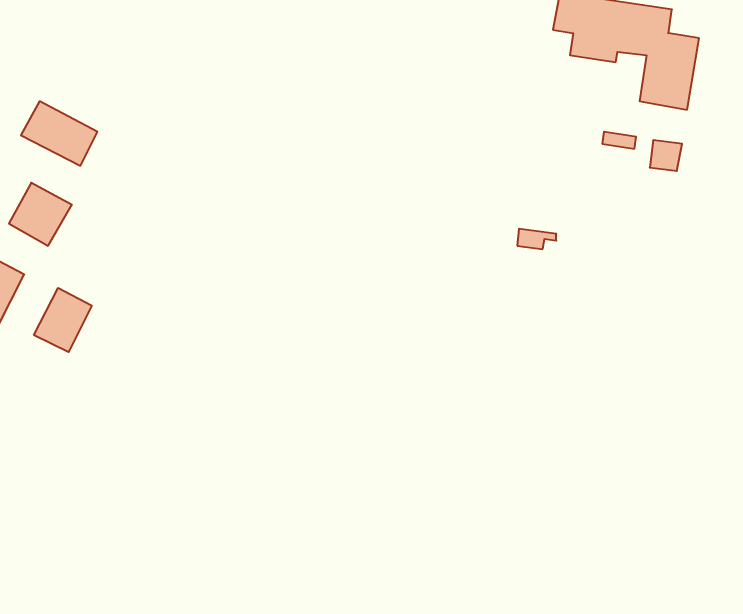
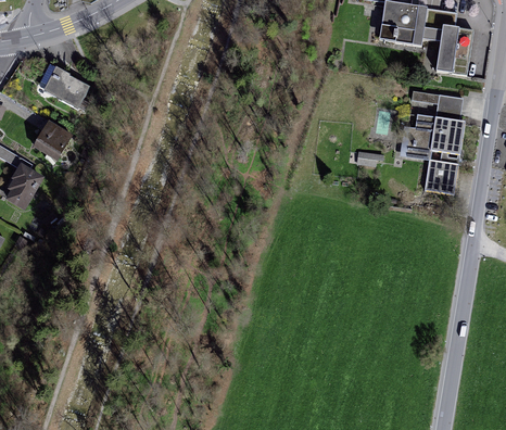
building: none -> [408,111,463,190]
building: [34,288,92,352] -> none

